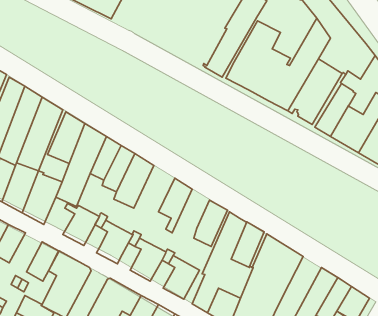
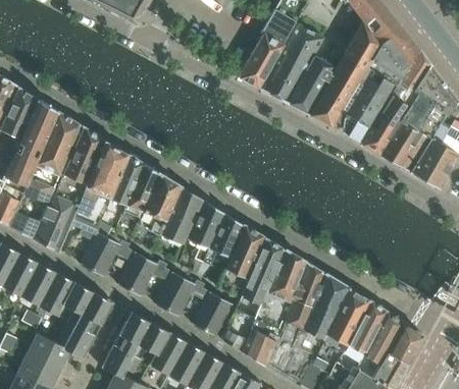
building: none -> [159,186,202,243]
building: none -> [202,213,244,266]
building: none -> [19,262,56,305]
building: none -> [325,288,369,344]

